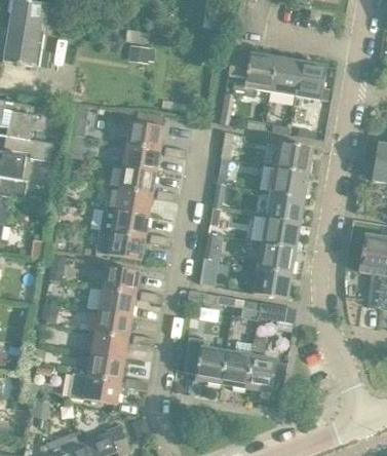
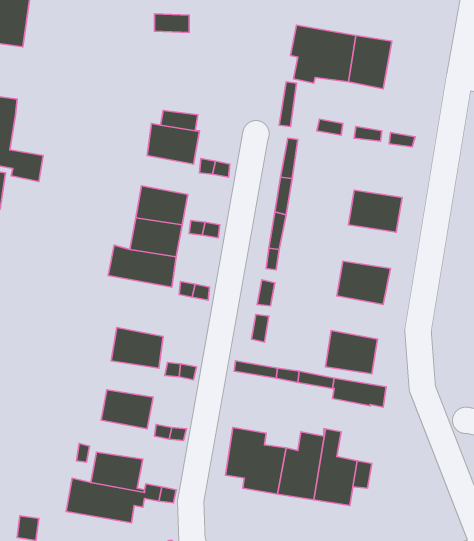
building: [294,63,325,101] -> none
building: [273,143,311,174] -> none
building: [122,144,159,172] -> none
building: [265,193,303,224] -> none
building: [95,229,144,260] -> none
building: [257,243,294,274] -> none
building: [98,290,134,315] -> none
building: [90,332,126,359] -> none

